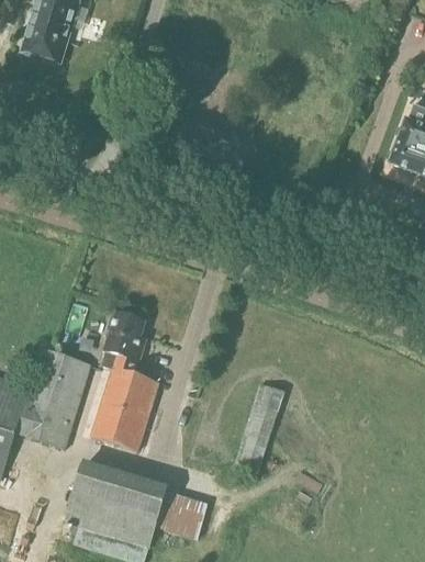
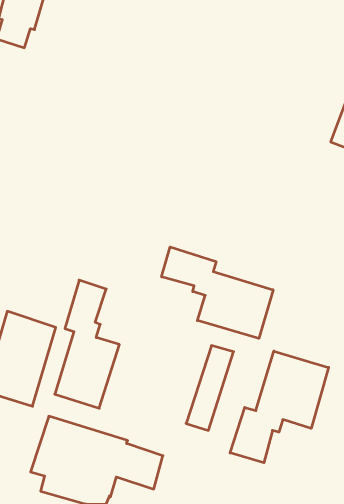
building: none -> [162,247,273,338]
building: none -> [230,351,329,463]

